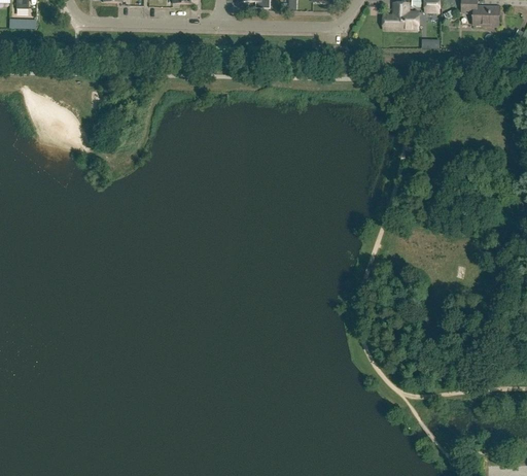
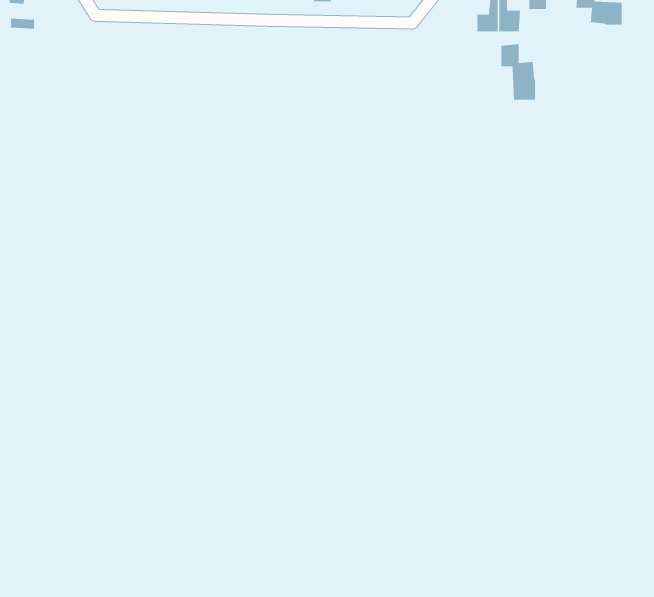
building: none -> [500,44,536,100]

